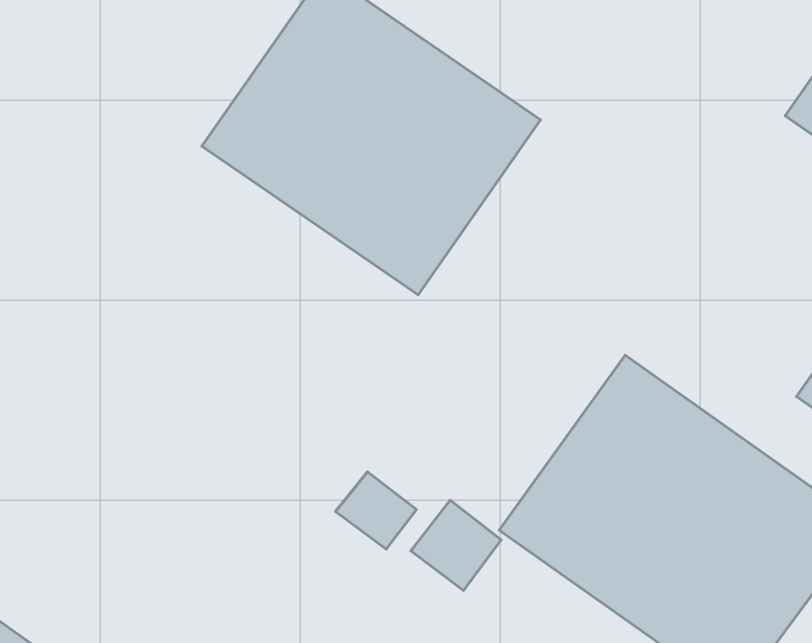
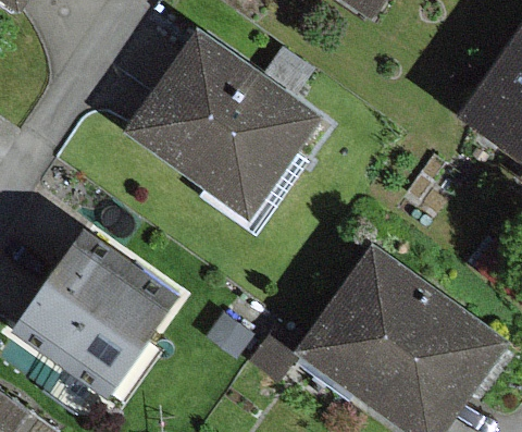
building: none -> [15,237,175,394]

